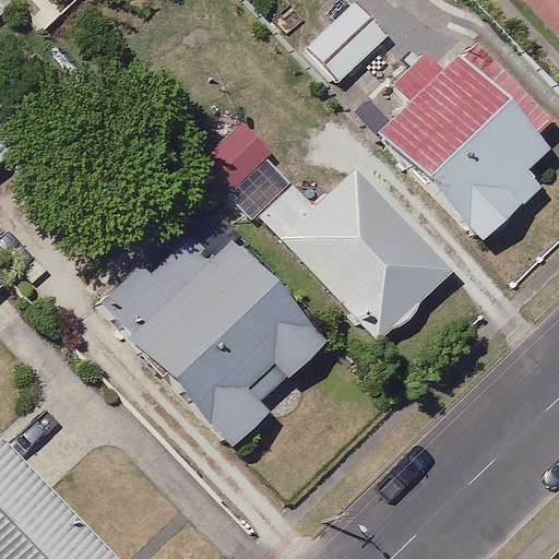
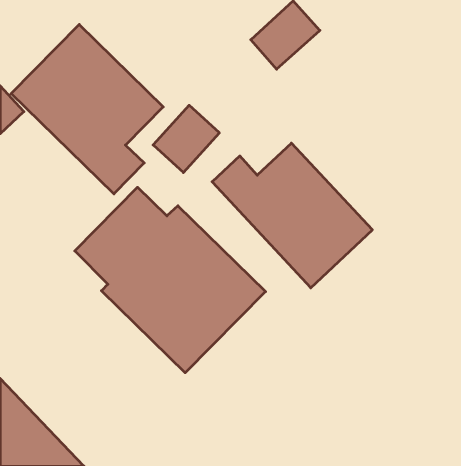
building: none -> [11,24,163,194]
building: [378,59,546,243] -> none

